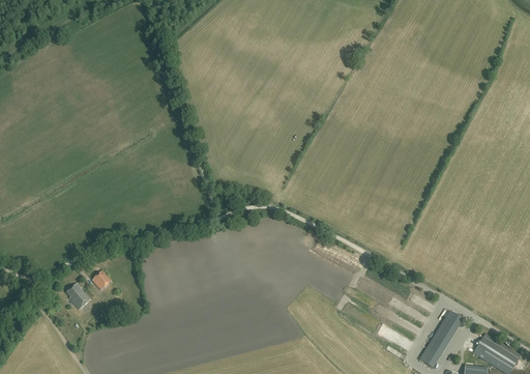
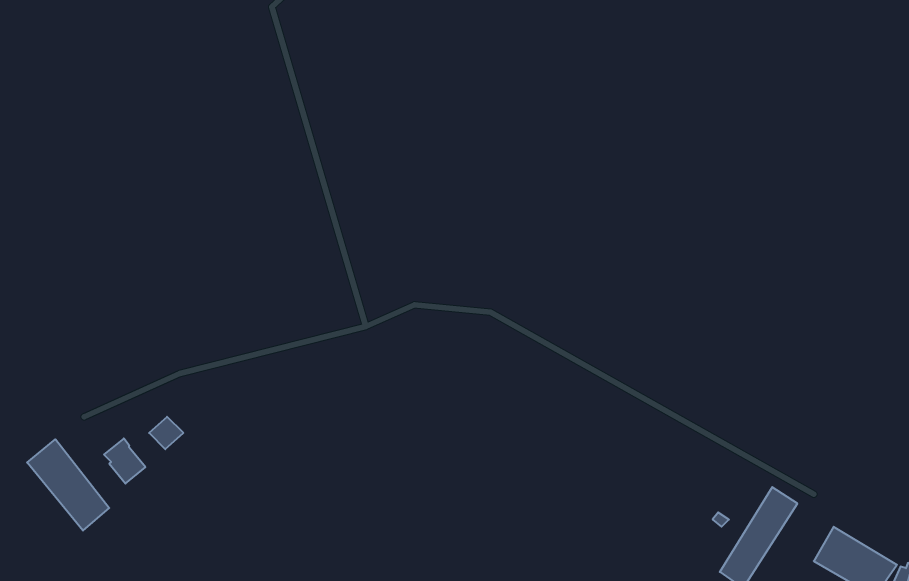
building: none -> [27,439,109,531]

